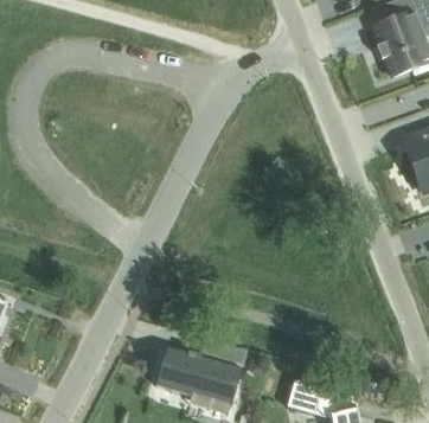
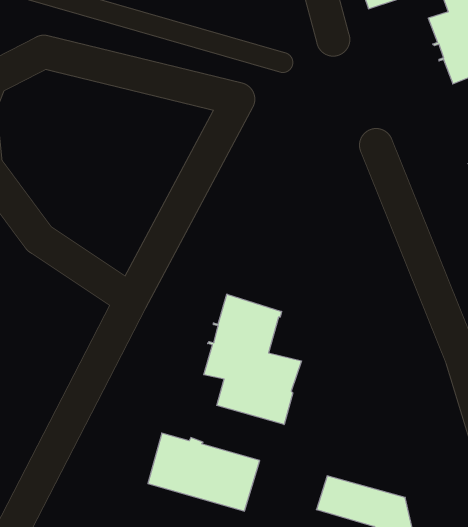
building: none -> [204,294,301,425]

